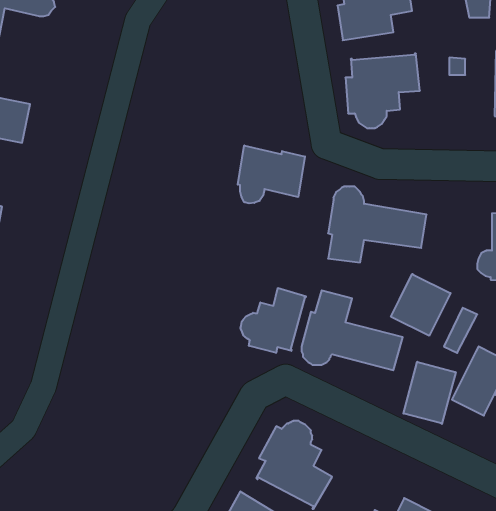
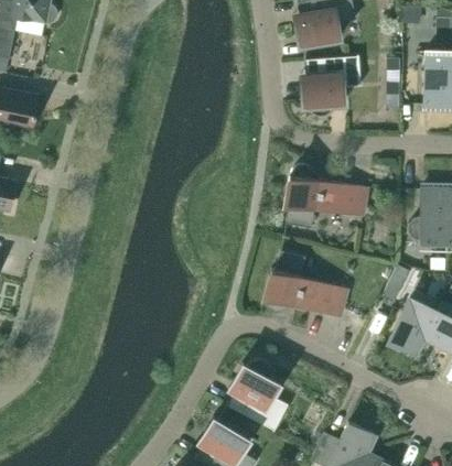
building: [238,145,305,203] -> none
building: [391,274,451,336] -> none
building: [241,288,306,353] -> none
building: [403,362,456,424] -> none

